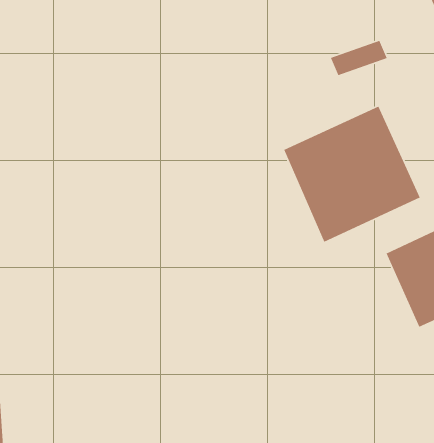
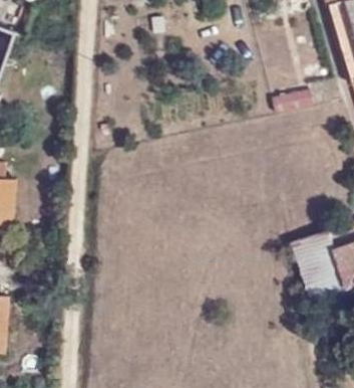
building: [283,106,421,243] -> none

